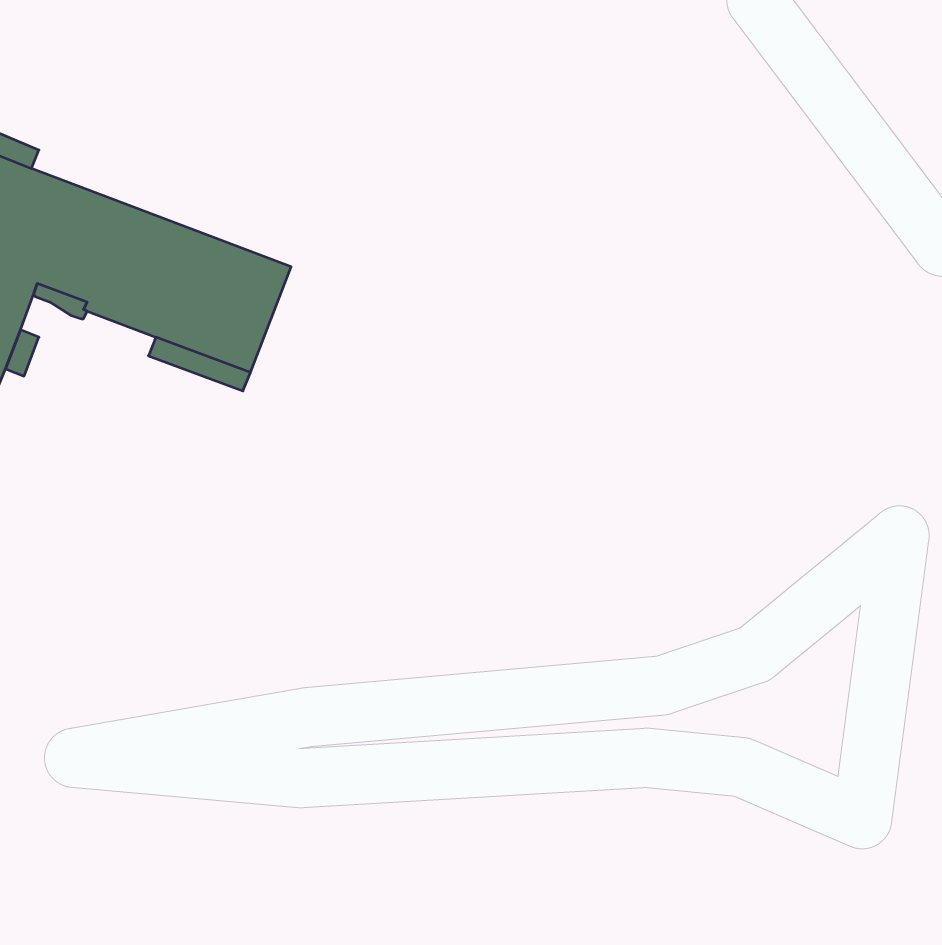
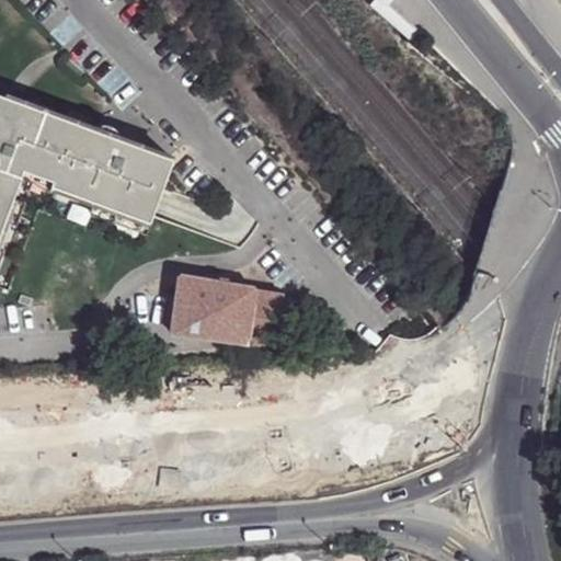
building: none -> [170,275,279,343]

